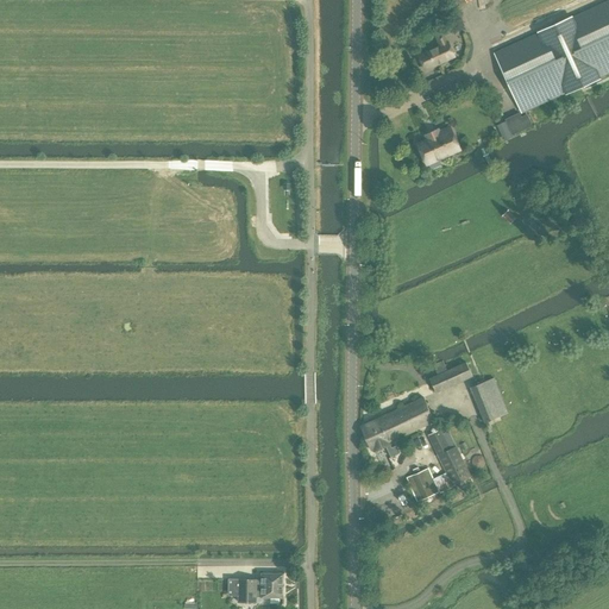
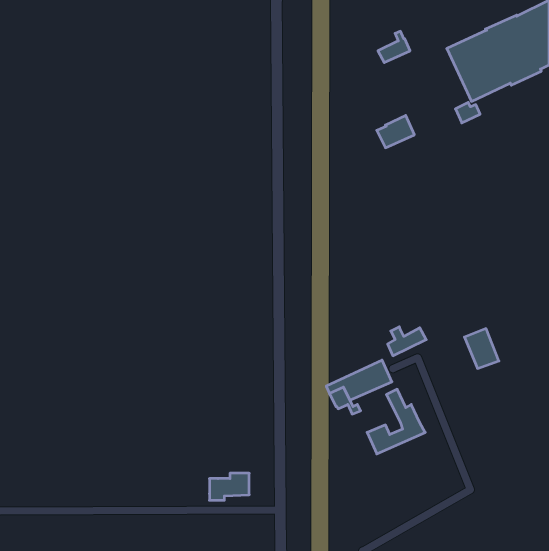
building: [469,378,507,422] -> [464,329,499,368]
building: [238,573,282,603] -> [209,473,249,500]

